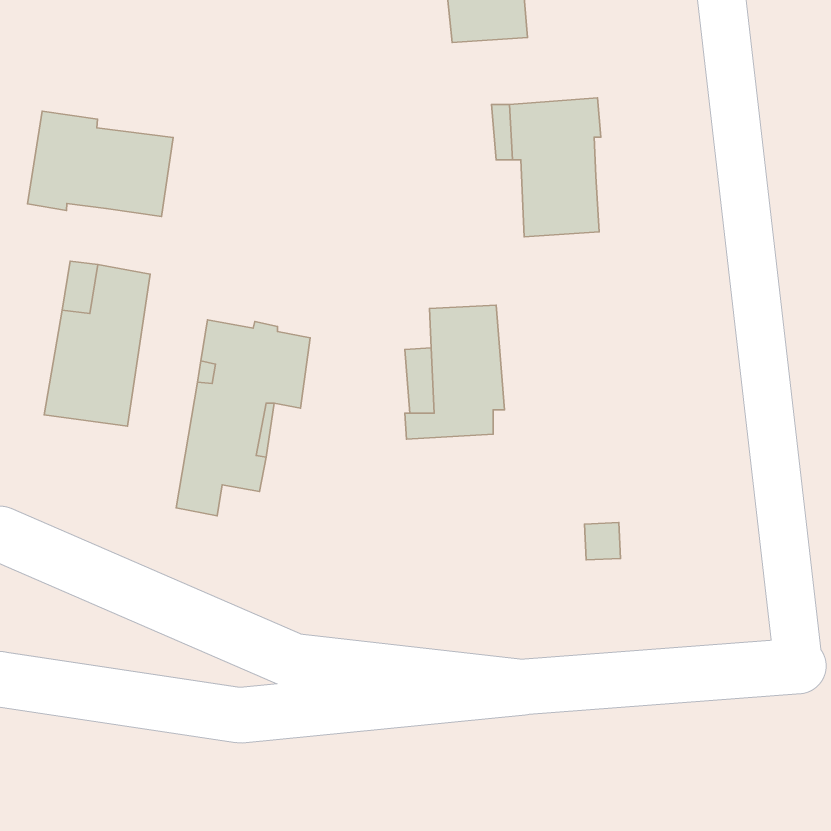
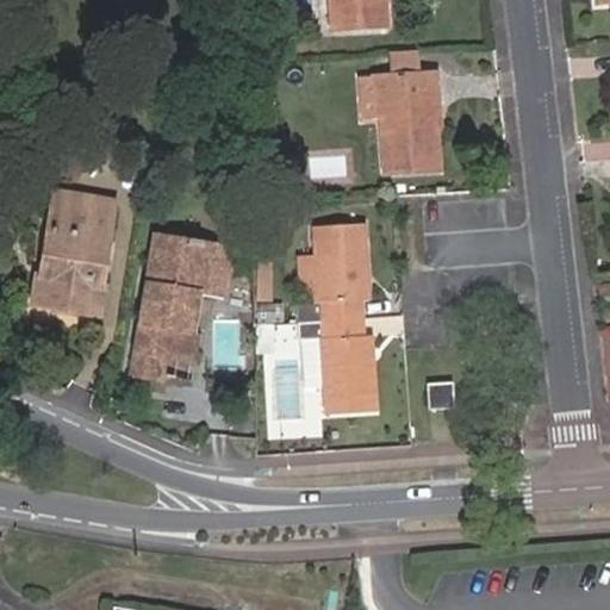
building: [27,111,173,216] -> none
building: none -> [299,317,376,412]

